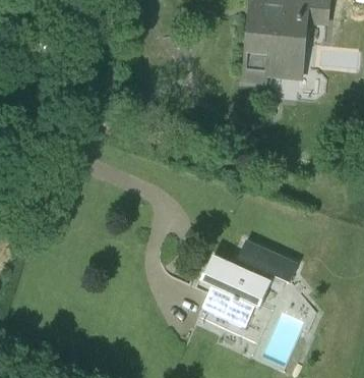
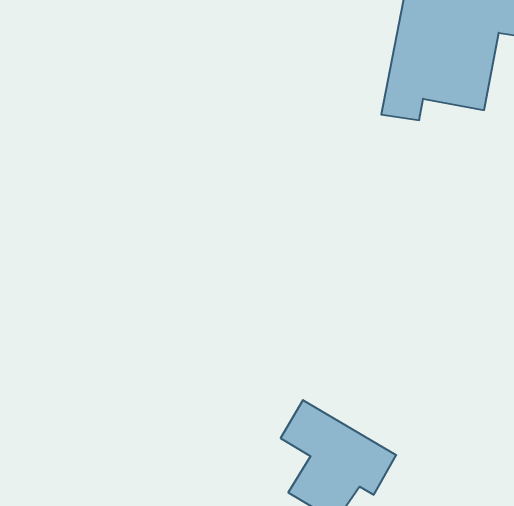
building: [236,239,297,282] -> none

